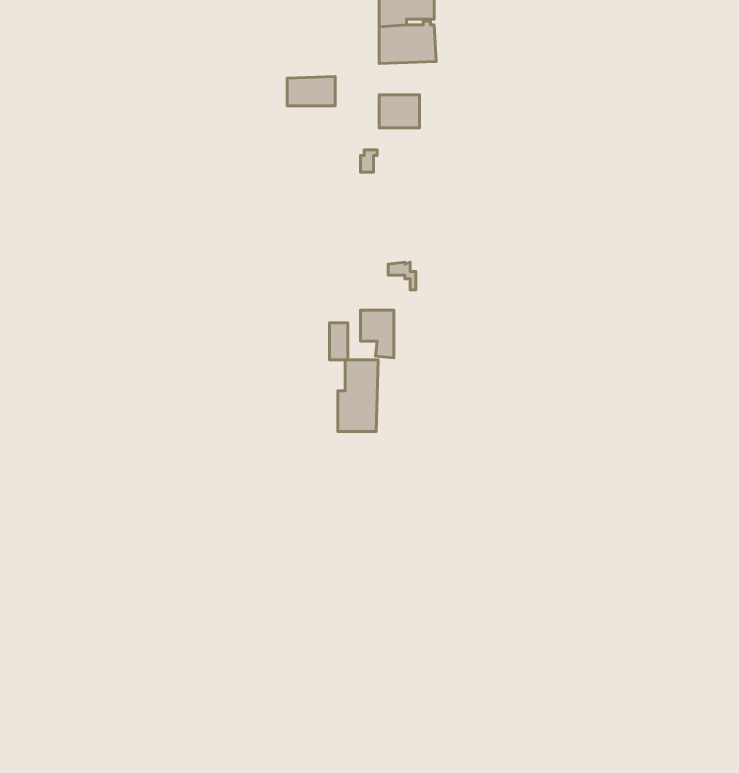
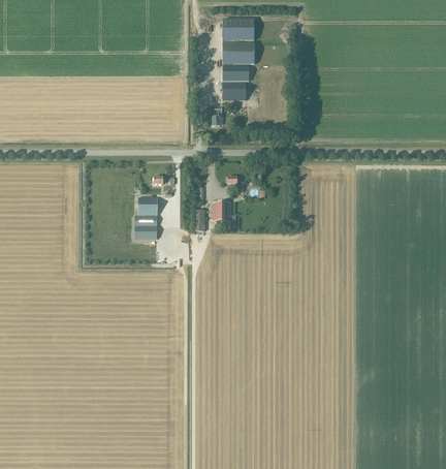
building: [287,76,335,106] -> [223,64,250,81]
building: [338,360,378,431] -> [135,197,158,238]

